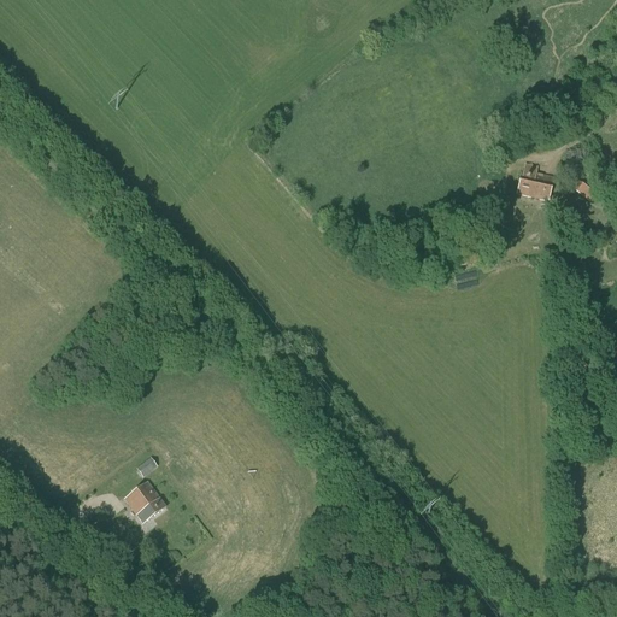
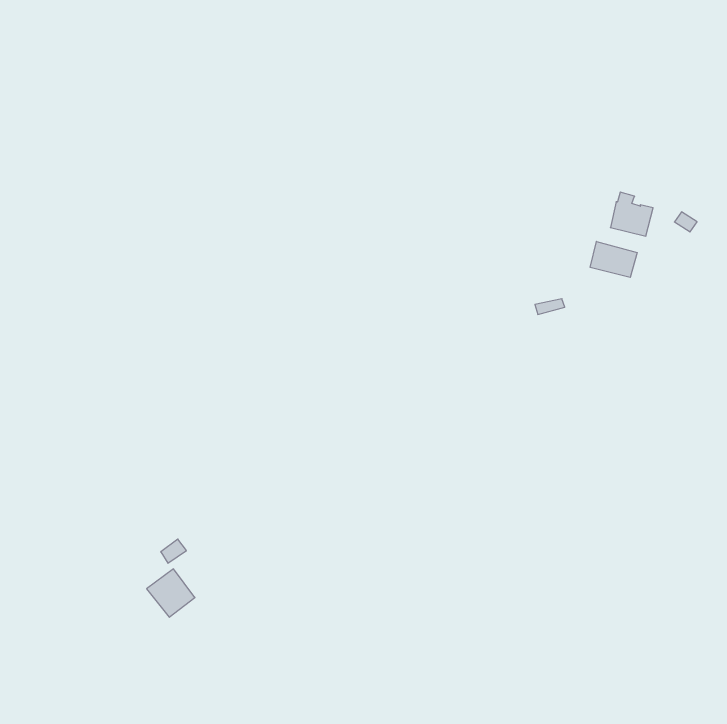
building: none -> [590,241,637,277]

